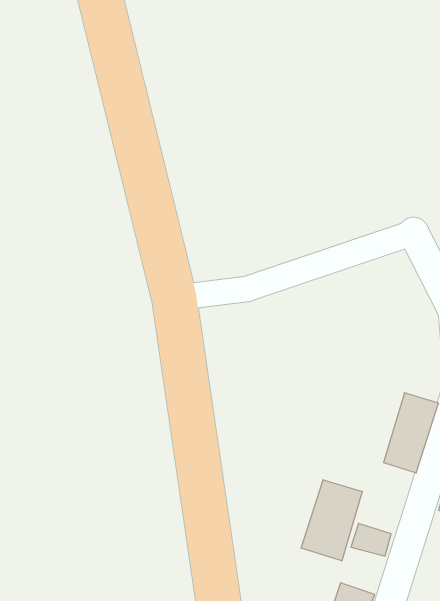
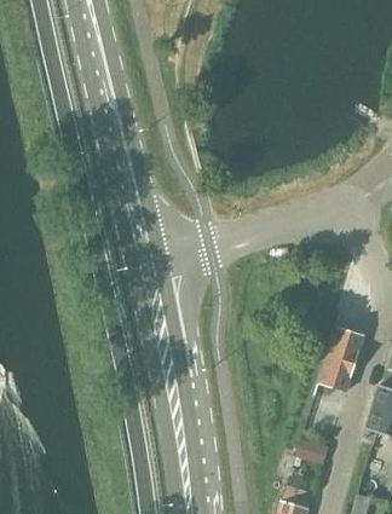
building: [301,480,362,561] -> none

